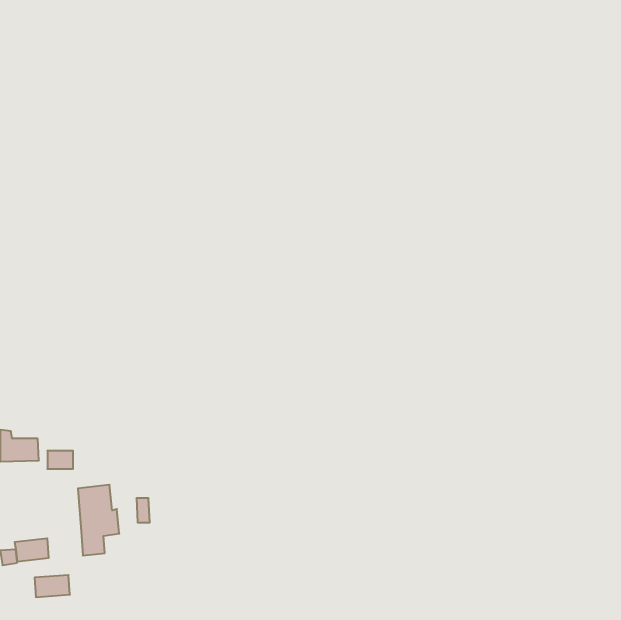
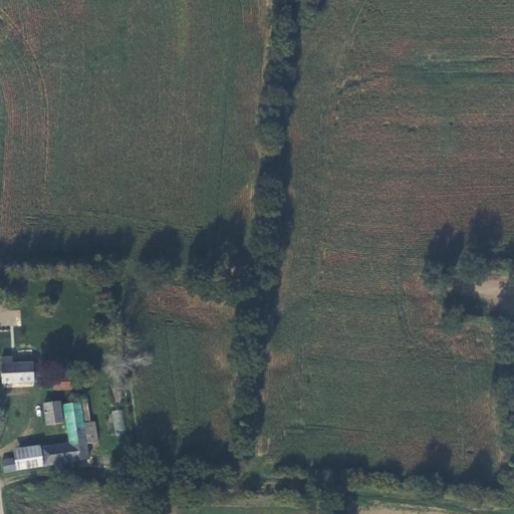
building: none -> [43,401,63,424]
building: [35,575,70,597] -> [40,444,69,462]

